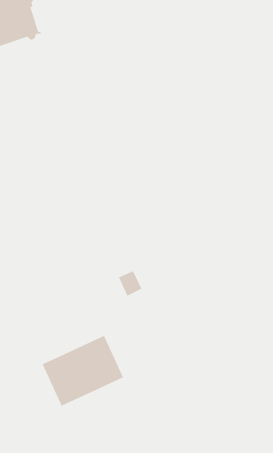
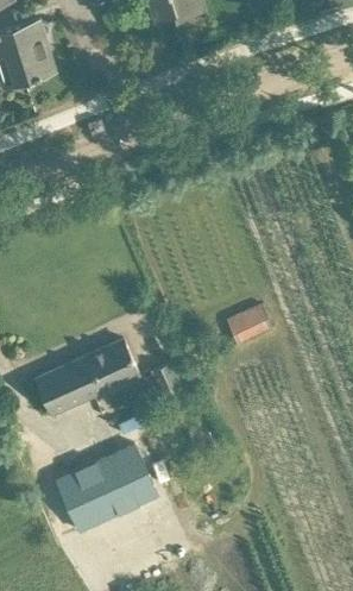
building: none -> [225,303,272,345]
building: none -> [36,339,139,415]

